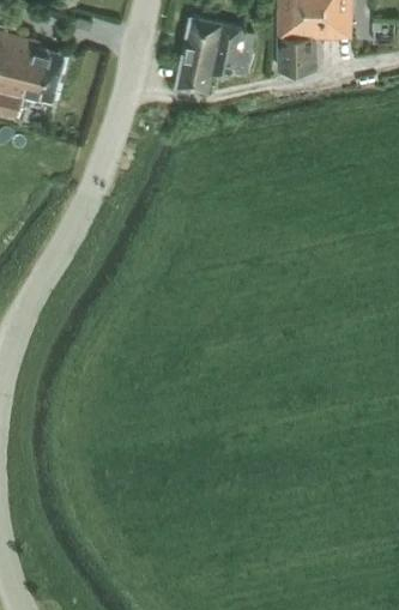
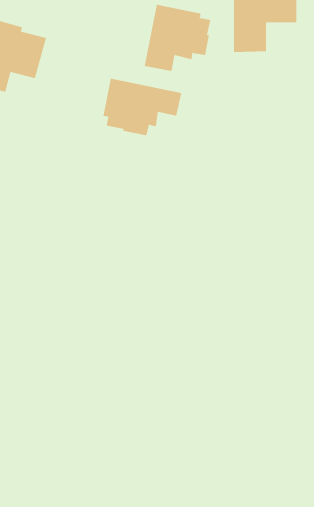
building: none -> [103,78,182,136]

